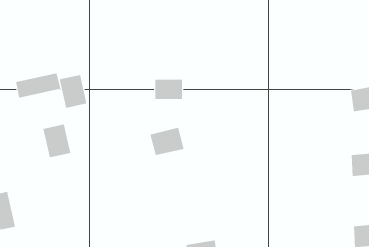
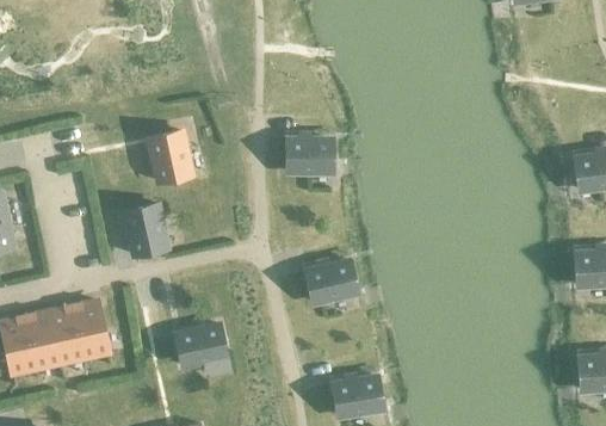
building: [15,72,61,99] -> none
building: [150,127,185,155] -> [305,259,357,301]
building: none -> [72,301,107,358]
building: none -> [177,322,227,364]

